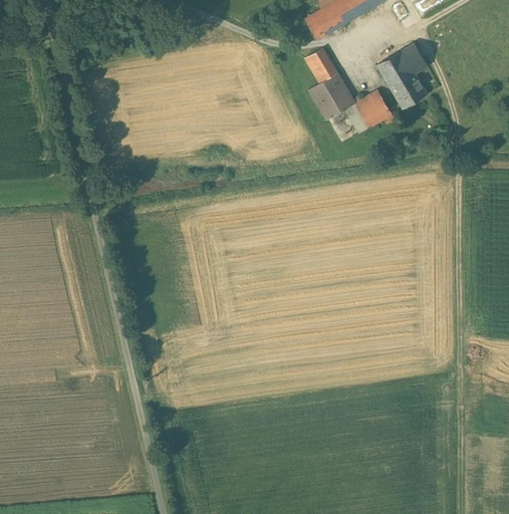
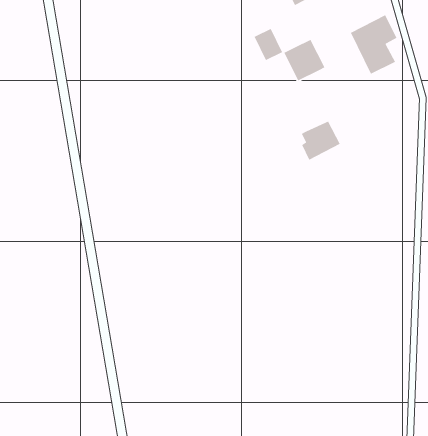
building: [305,48,337,83] -> [253,28,283,61]
building: [349,90,392,134] -> [301,121,341,161]

